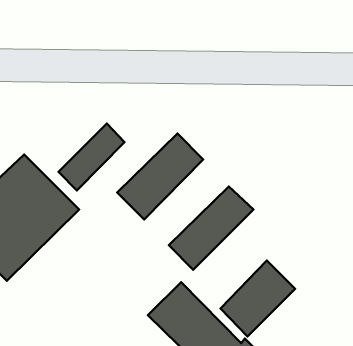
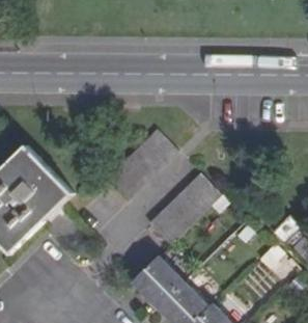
building: [58,123,125,190] -> none
building: [220,261,295,336] -> none

